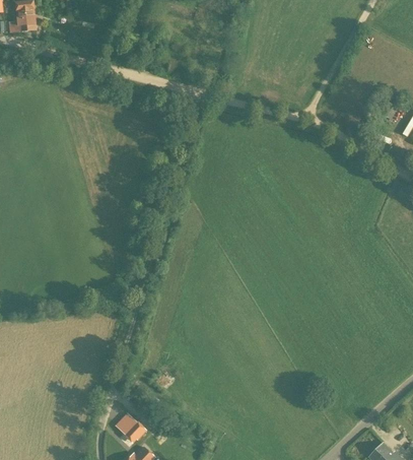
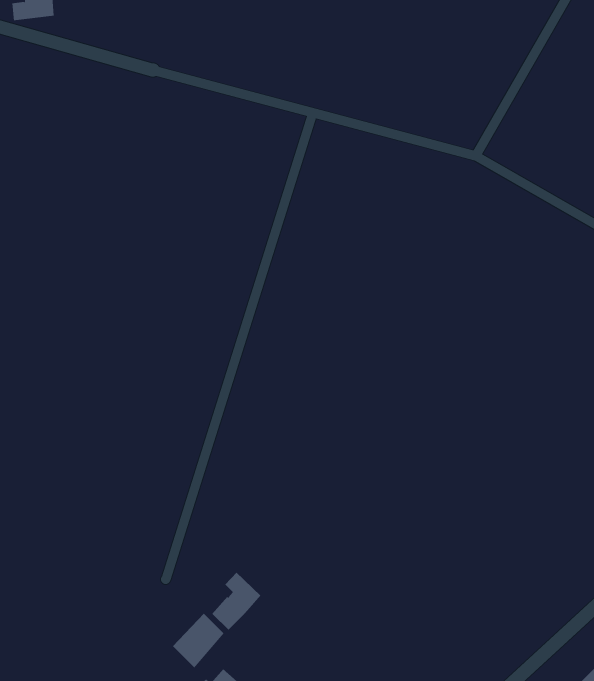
building: none -> [211,572,261,630]

